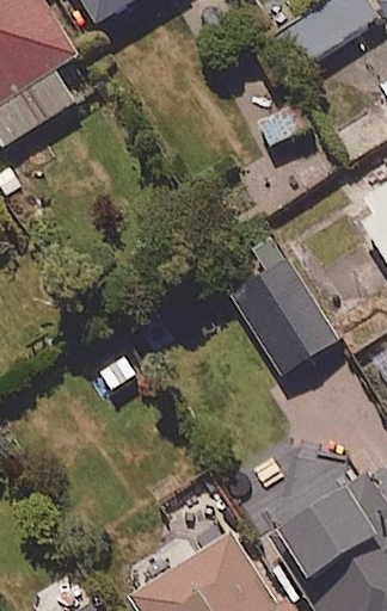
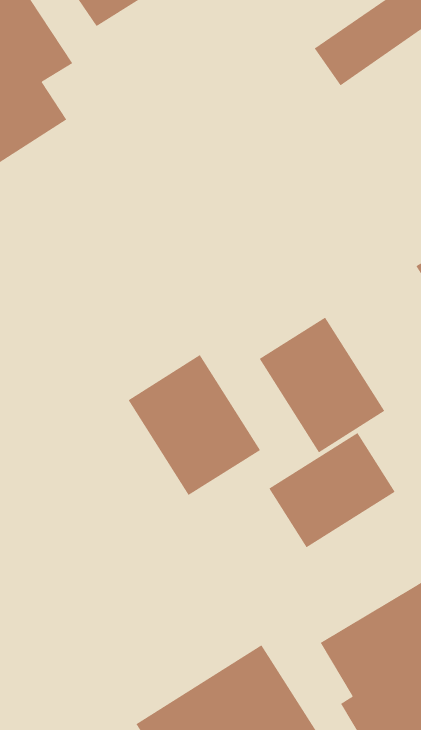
building: none -> [128,354,261,496]
building: none -> [268,432,395,548]

